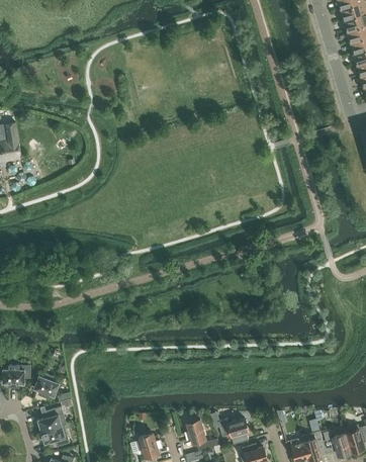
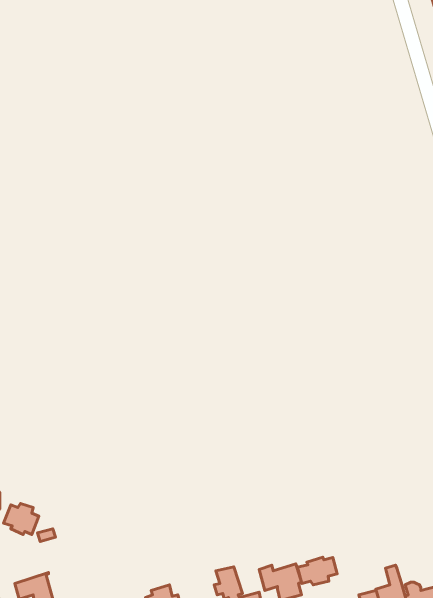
building: [37,405,66,431] -> none
building: none -> [297,557,337,585]

